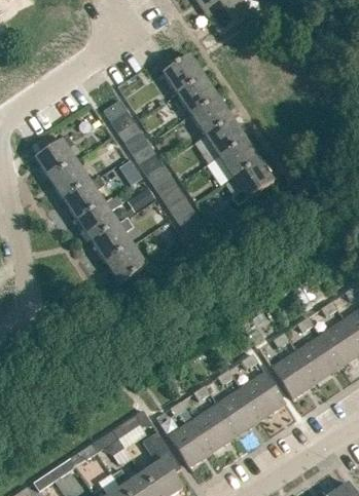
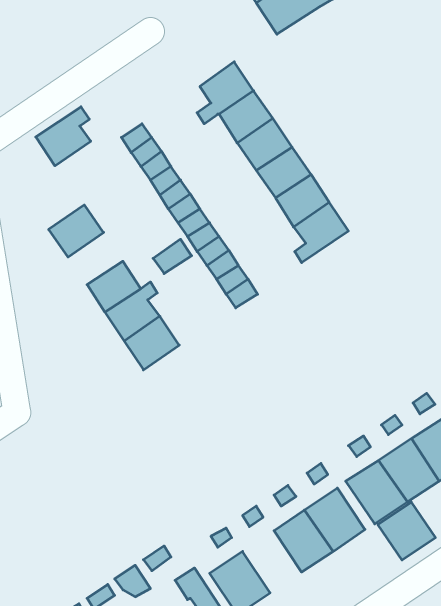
building: [33,135,74,179] -> [36,107,91,166]
building: [62,176,103,220] -> none
building: none -> [378,502,435,560]
building: [192,404,237,450] -> none

